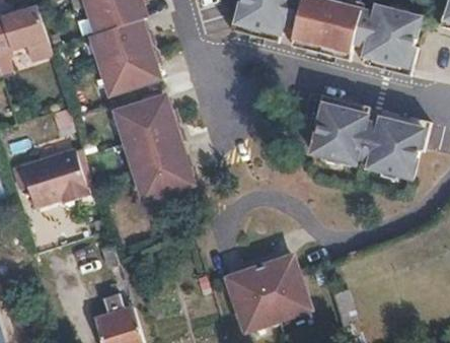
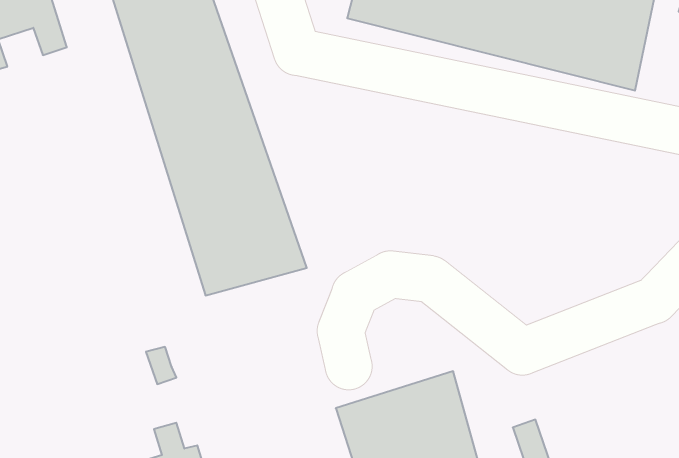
building: [308,94,429,179] -> none
building: [23,142,90,202] -> none

